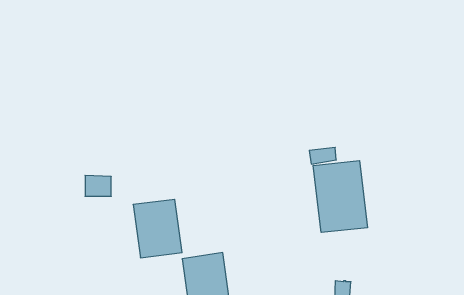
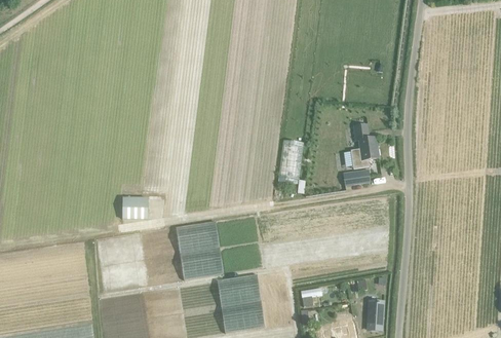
building: none -> [355,130,380,160]
building: [313,161,367,232] -> none

